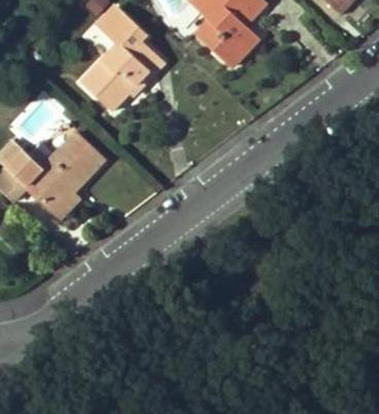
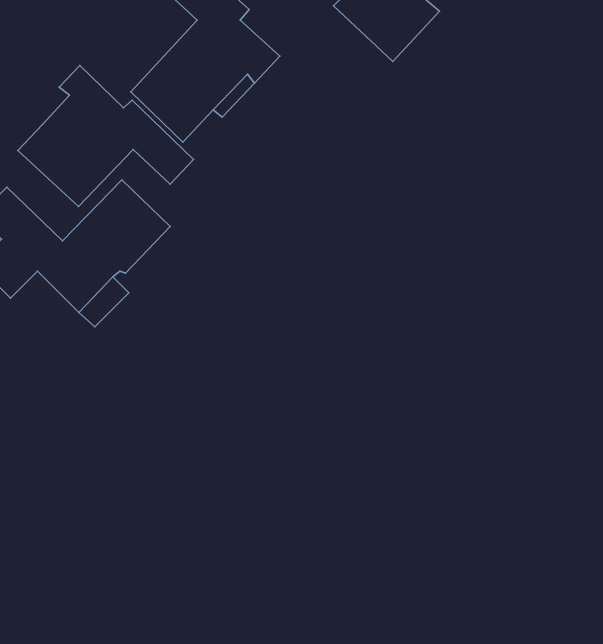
building: none -> [18,66,193,207]

